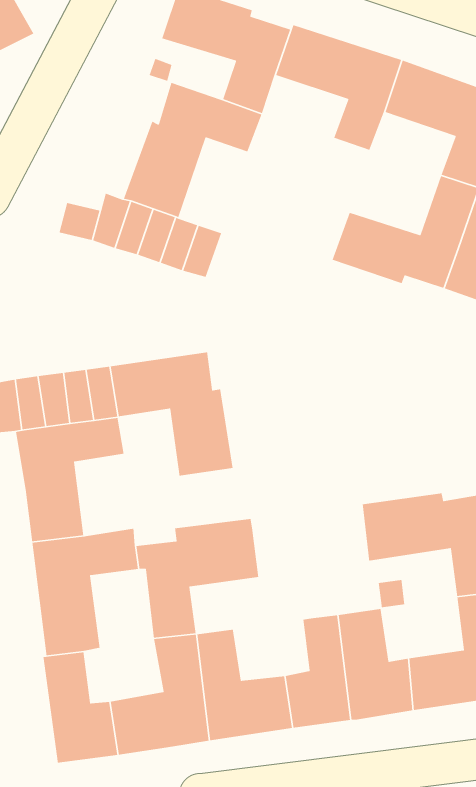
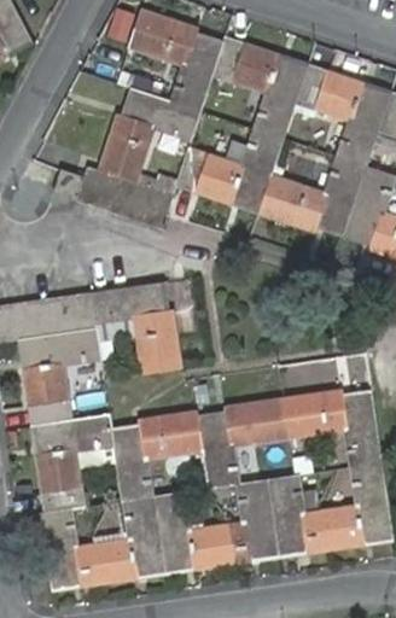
building: none -> [177,121,286,212]
building: none -> [198,396,285,486]

